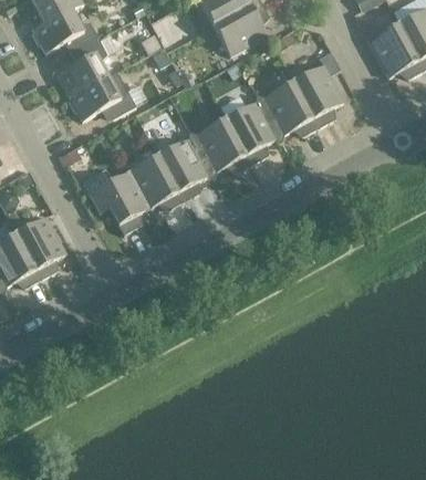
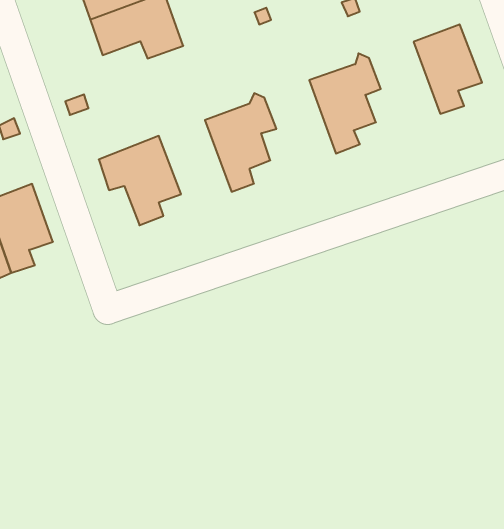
building: [262,80,316,140] -> none
building: [195,116,249,177] -> none
building: [126,154,181,208] -> none

